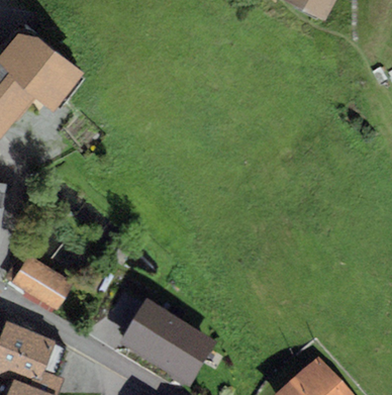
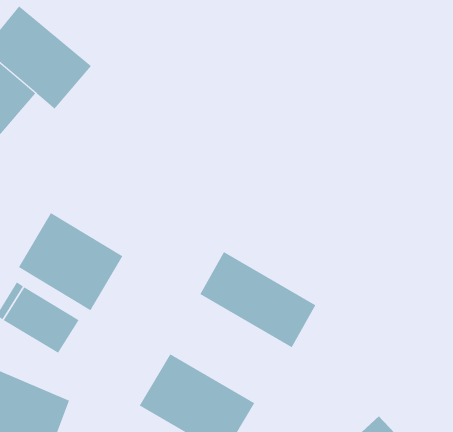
building: none -> [18,212,123,311]
building: none -> [199,251,316,348]

